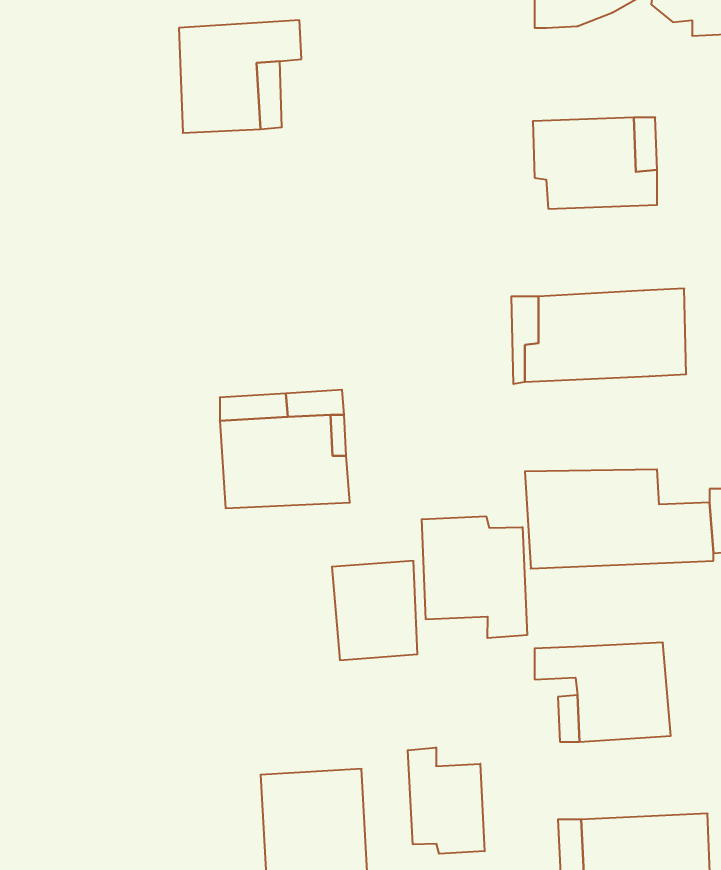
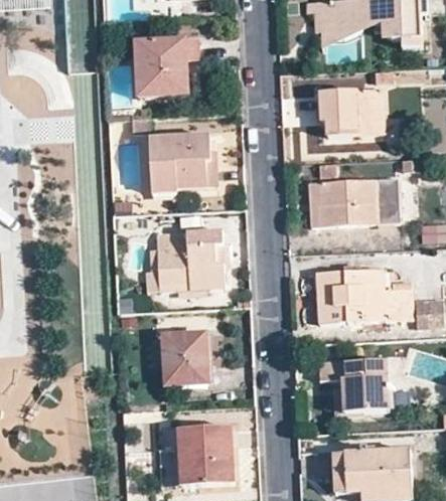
building: none -> [150,134,218,192]
building: [422,516,527,638] -> none
building: [332,561,417,660] -> [162,331,206,382]
building: [408,747,485,854] -> none

